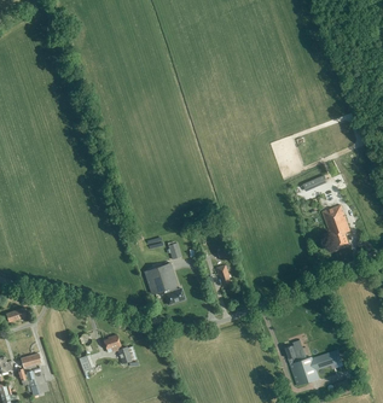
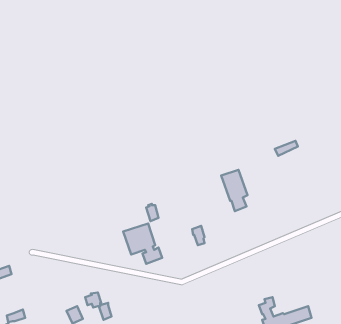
building: [323,205,350,249] -> [221,170,248,211]

